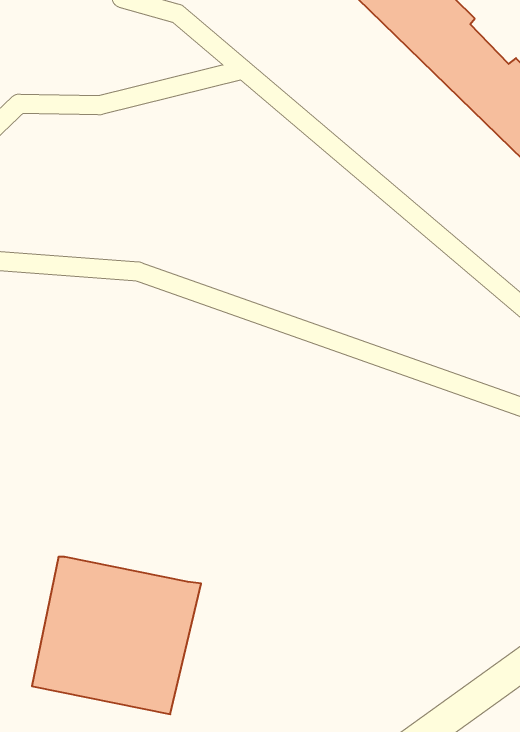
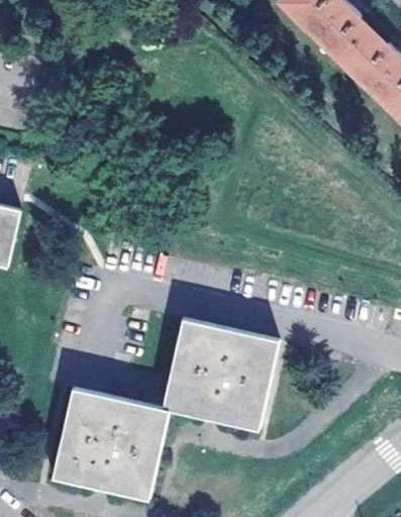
building: none -> [164,318,280,427]

